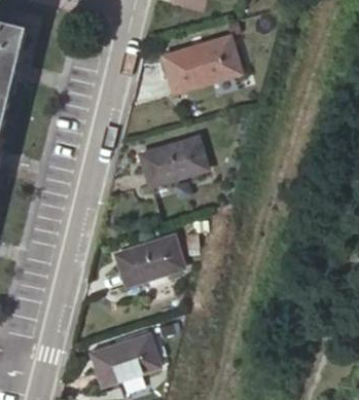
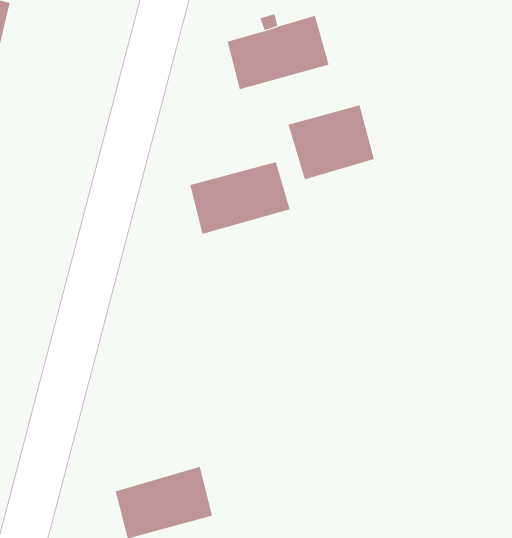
building: none -> [288,104,375,180]
building: [114,238,181,286] -> none

